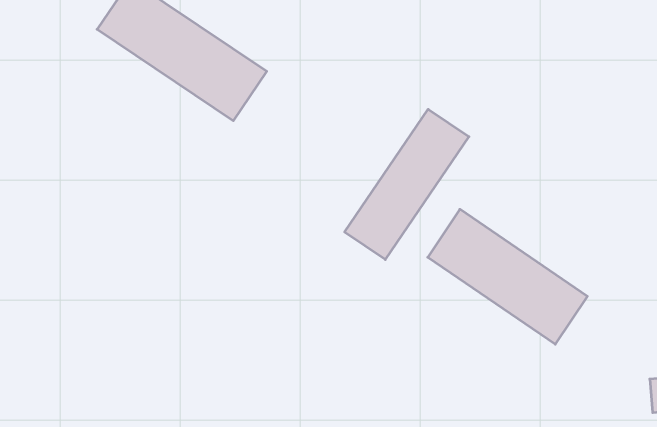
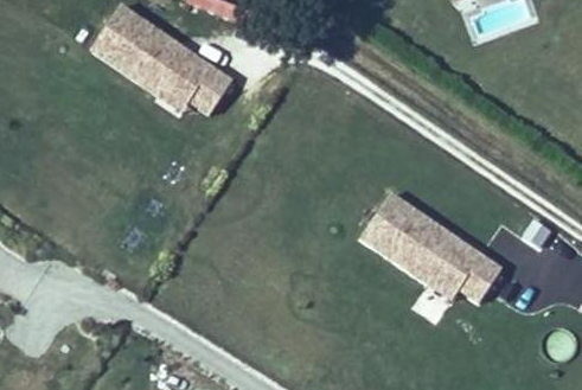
building: [345,109,469,260] -> none

